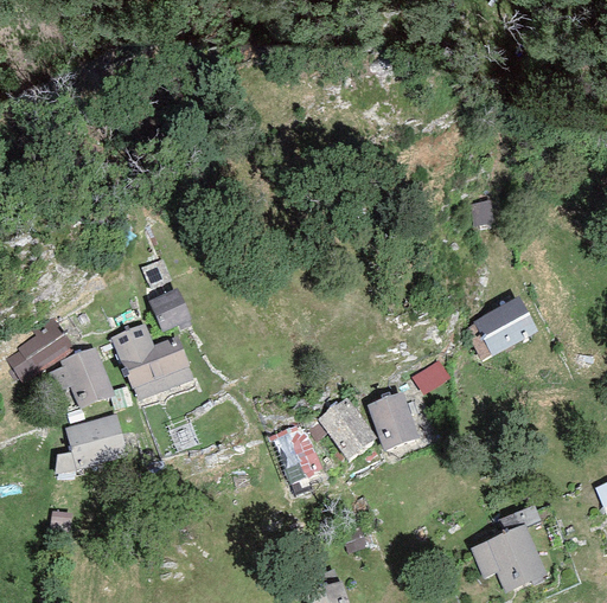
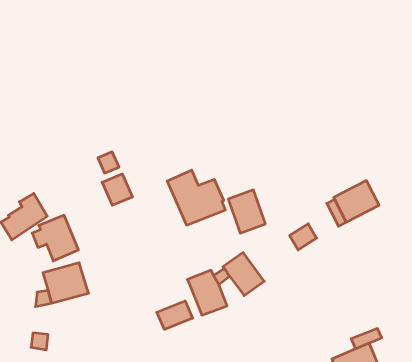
building: [110,322,192,399] -> [167,170,225,225]
building: [366,391,418,451] -> [228,190,265,233]
building: none -> [157,301,193,329]

